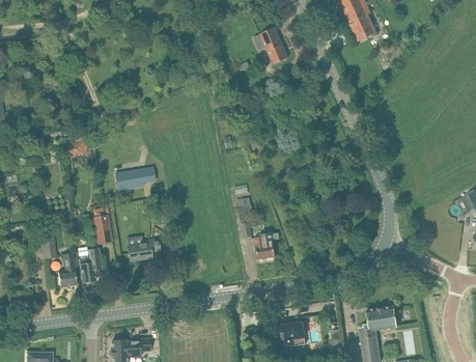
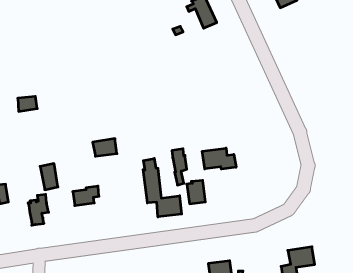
building: [115,169,142,189] -> [93,139,117,156]
building: none -> [202,148,236,169]
building: none -> [143,158,182,217]
building: [58,253,77,287] -> none

